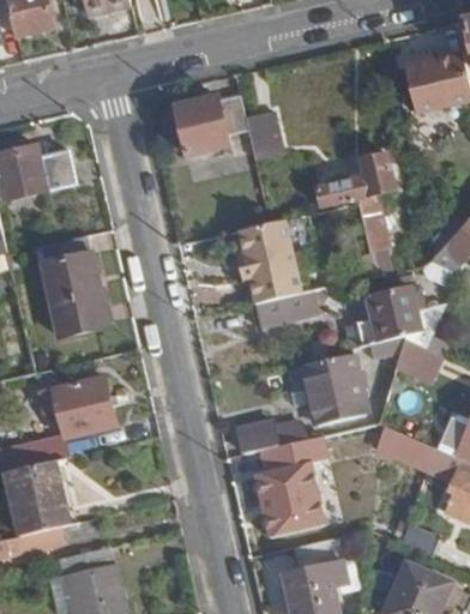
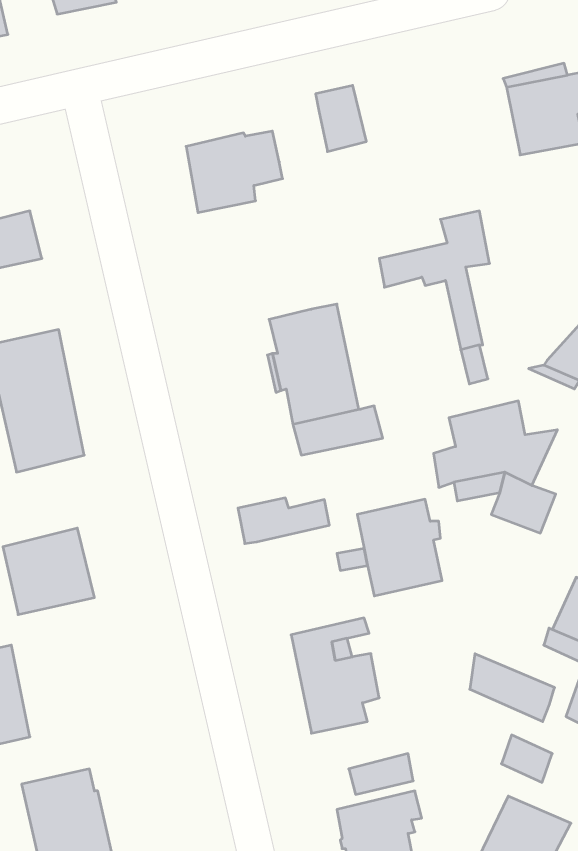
building: [245,112,281,158] -> [316,85,366,152]
building: [240,421,305,453] -> [238,498,329,544]
building: [375,423,435,471] -> [470,654,555,722]

